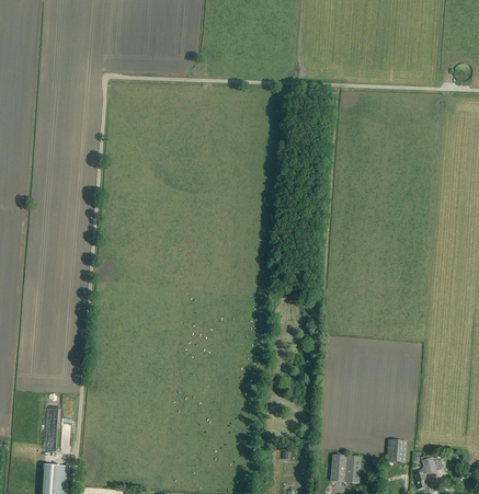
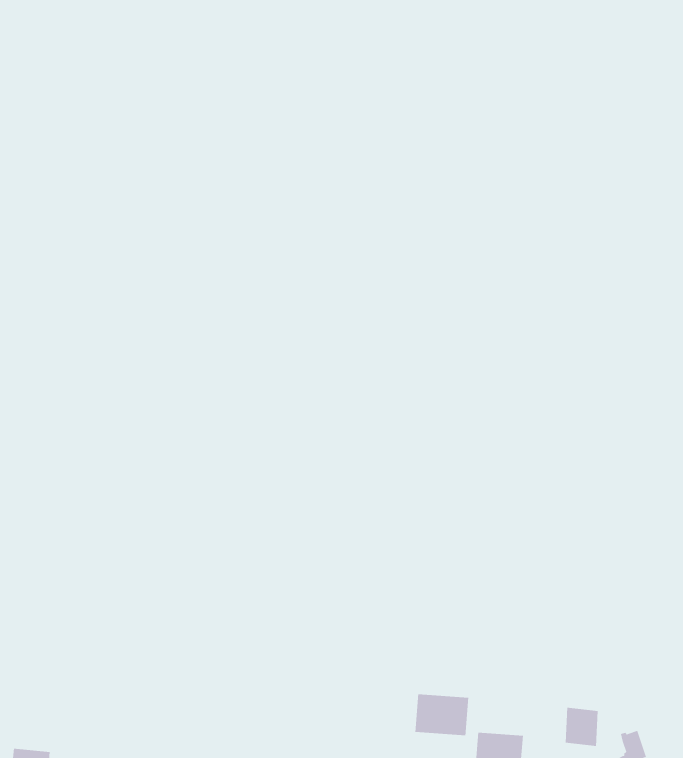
building: none -> [415,694,469,736]

